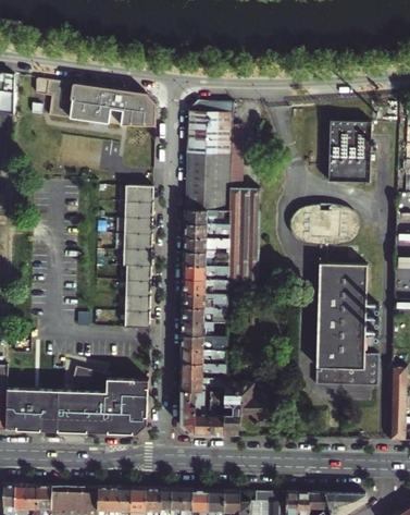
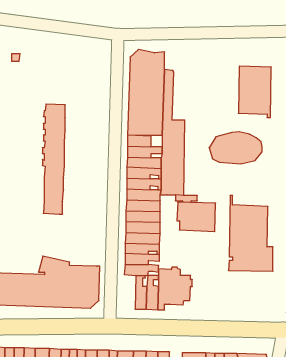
building: [37,78,154,126] -> none
building: [123,186,152,329] -> [42,104,65,214]
building: [316,265,366,303] -> [177,202,216,232]
building: [178,391,195,436] -> none

